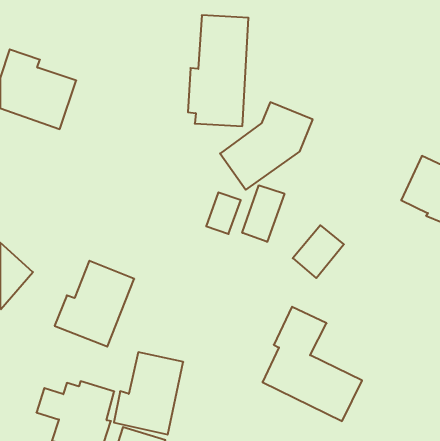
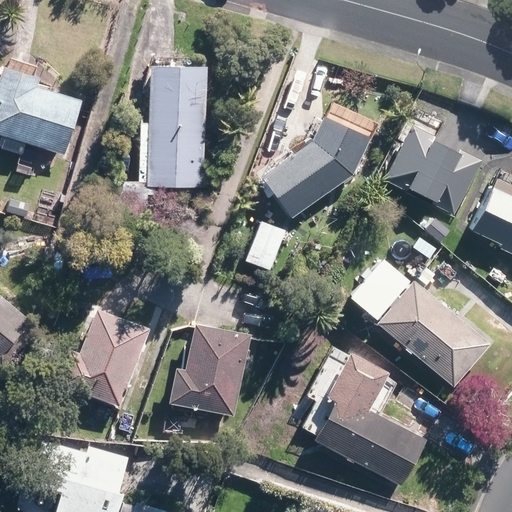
building: [188,15,249,126] -> [146,56,216,184]
building: none -> [381,128,480,217]
building: [242,185,284,242] -> none
building: none -> [371,283,483,389]
building: [114,352,183,435] -> [178,316,258,411]

